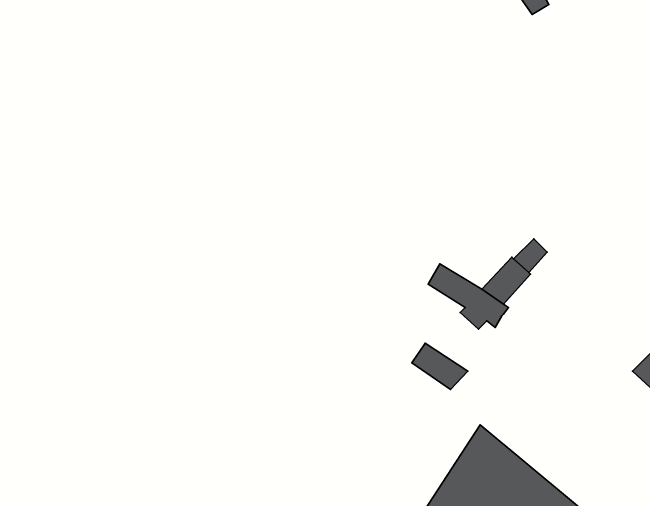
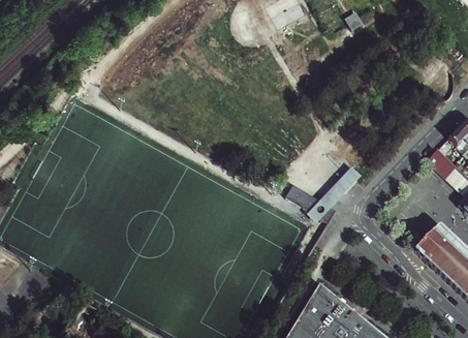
building: [412,343,468,390] -> none

